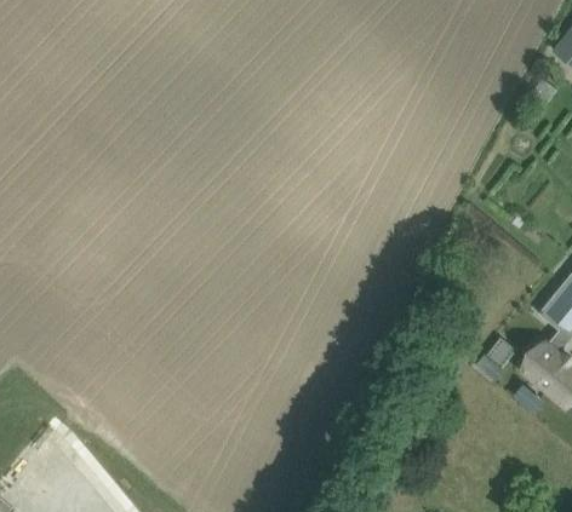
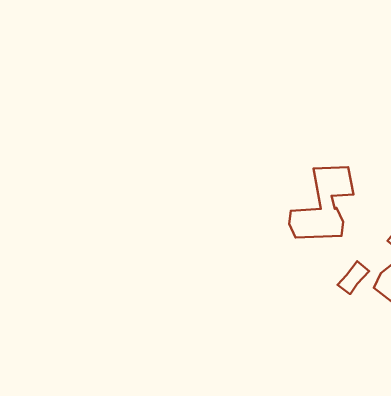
building: none -> [289,167,354,238]

